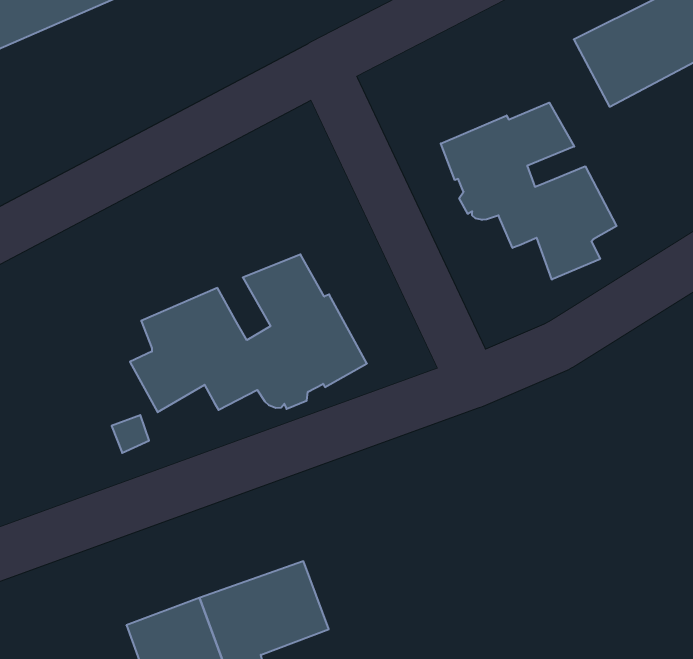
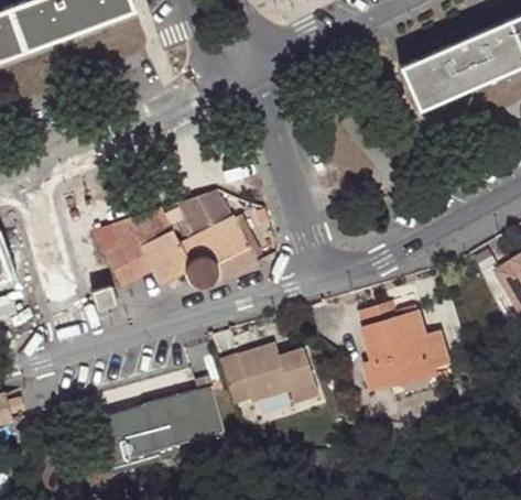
building: [441,103,617,280] -> none
building: none -> [358,301,448,388]
building: none -> [218,343,316,401]

